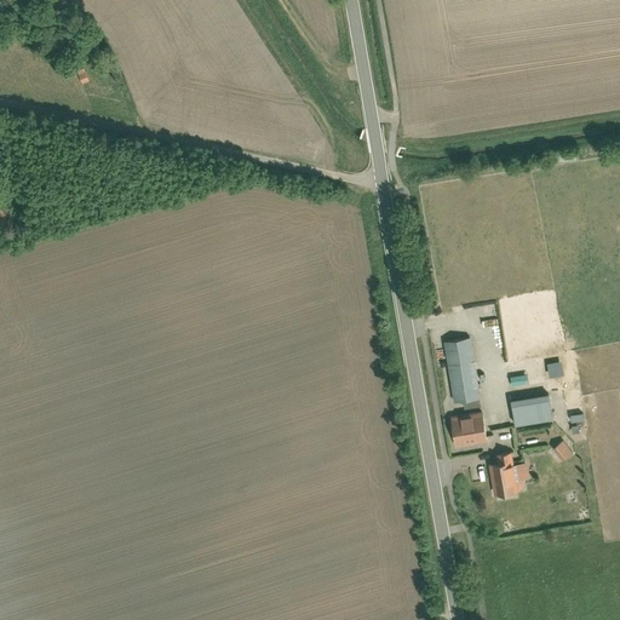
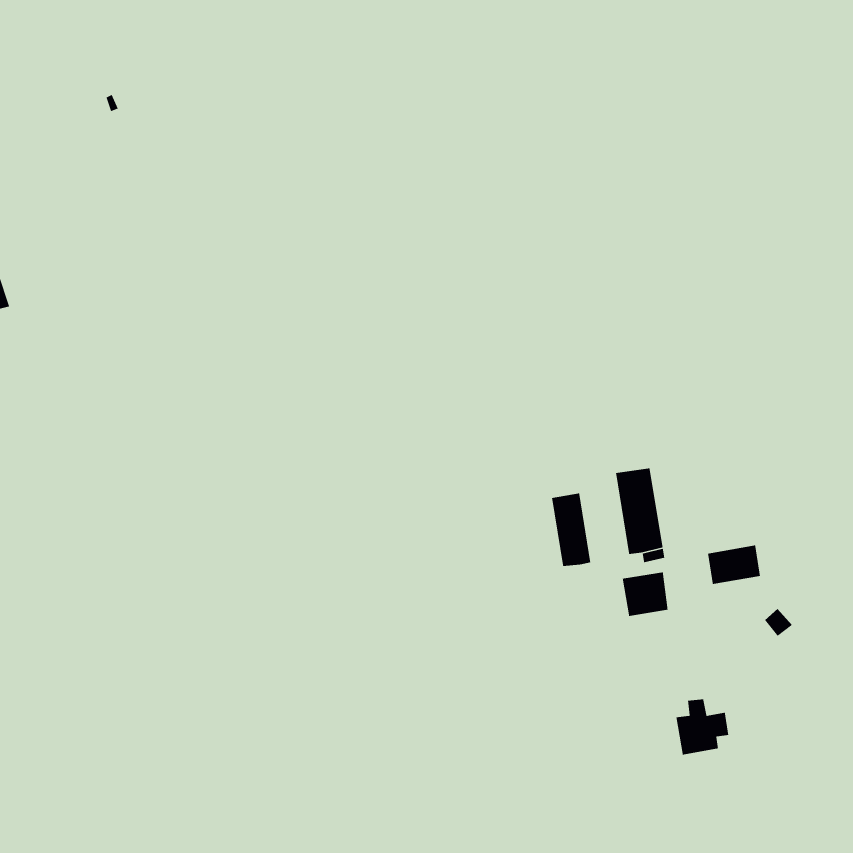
building: none -> [551,492,591,567]
building: [489,453,528,494] -> [675,699,729,756]

